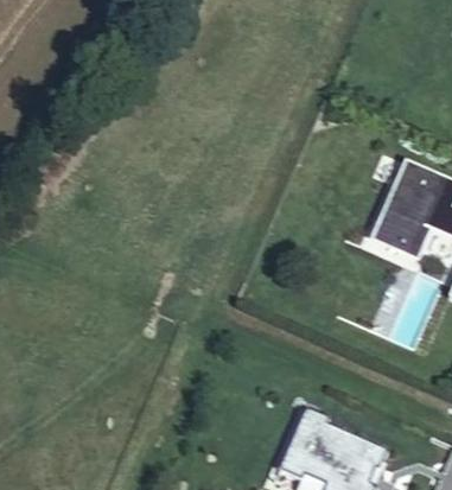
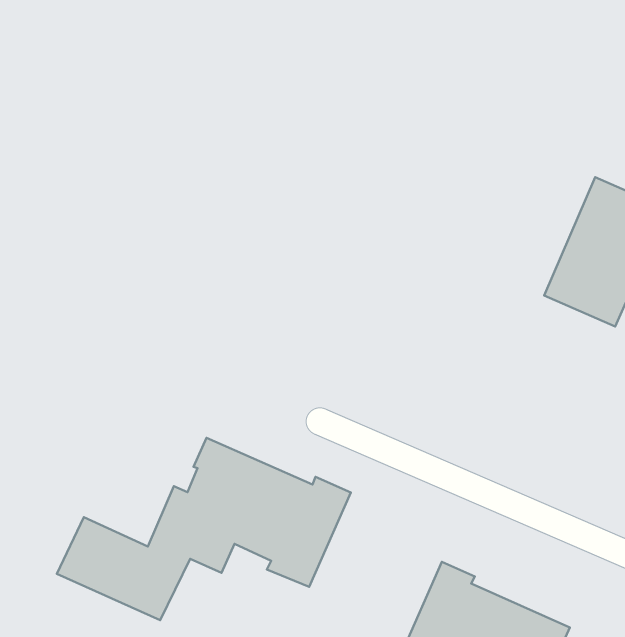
building: none -> [57,438,351,620]

